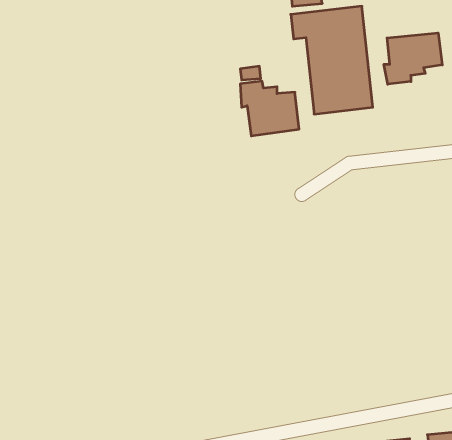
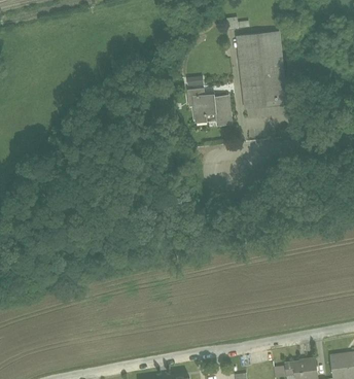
building: [384,33,442,84] -> none

